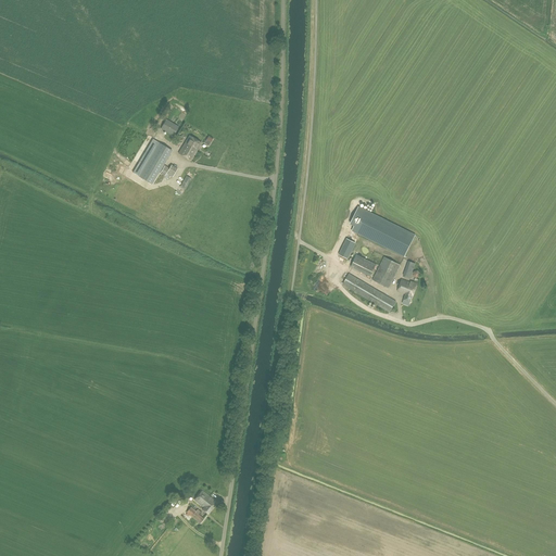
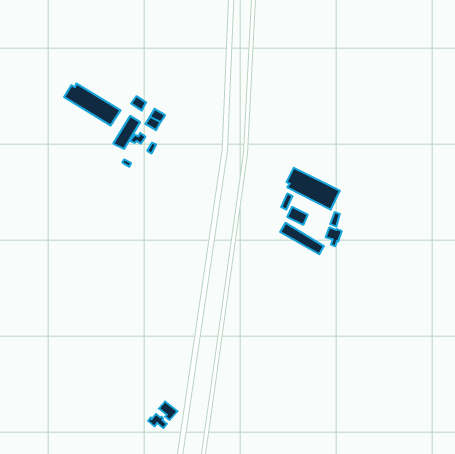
building: none -> [64,83,120,126]
building: [371,254,399,286] -> none

